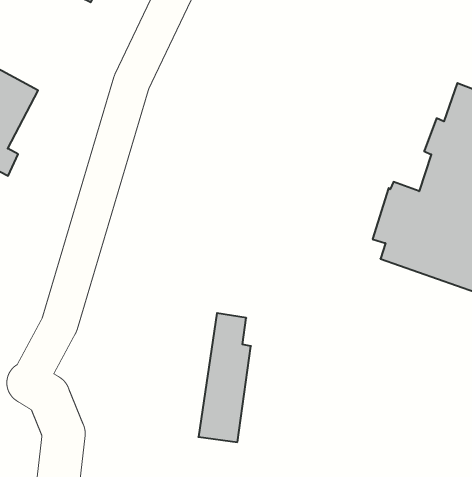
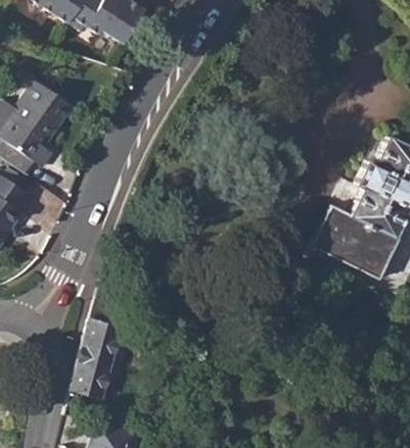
building: [198,313,251,442] -> [71,297,118,395]

